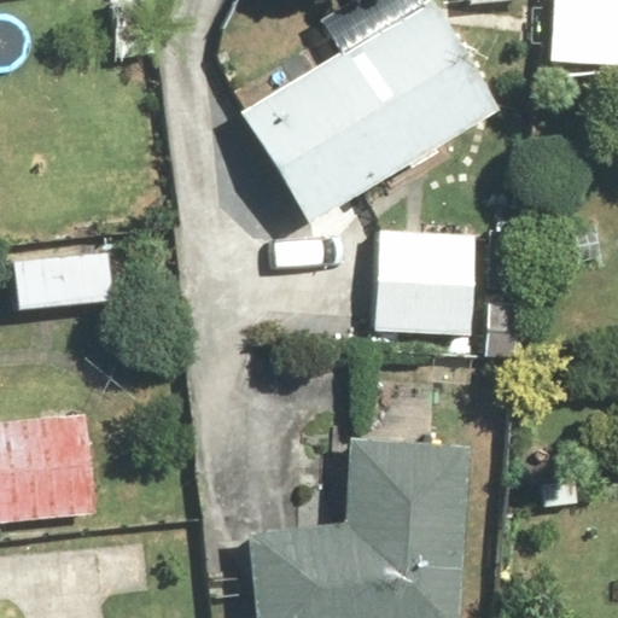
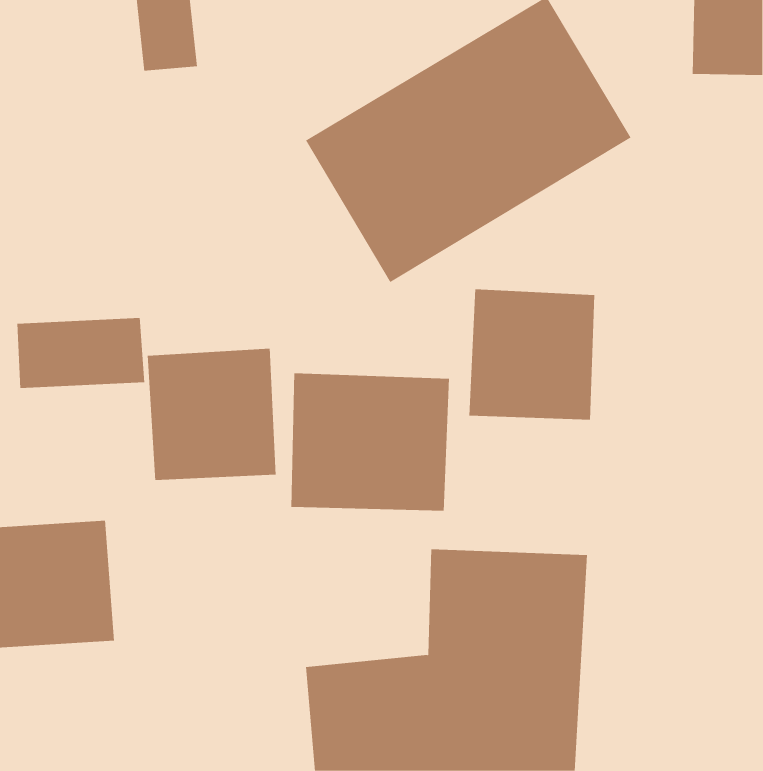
building: none -> [147,348,276,481]
building: none -> [291,372,449,512]

